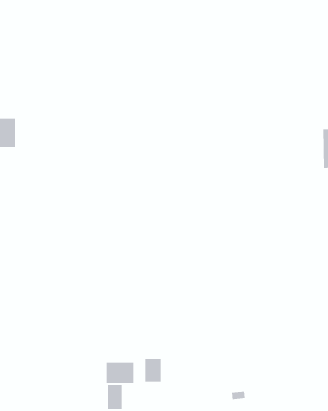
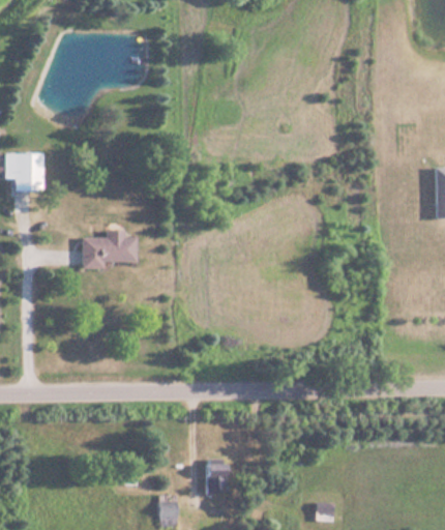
building: none -> [82,231,137,268]
building: [106,362,134,384] -> none

